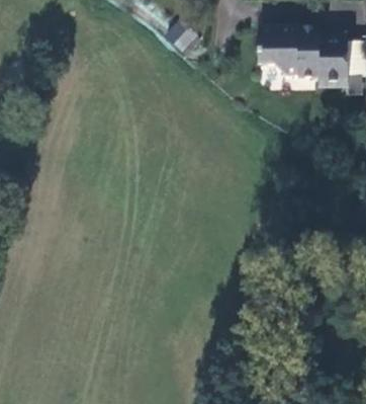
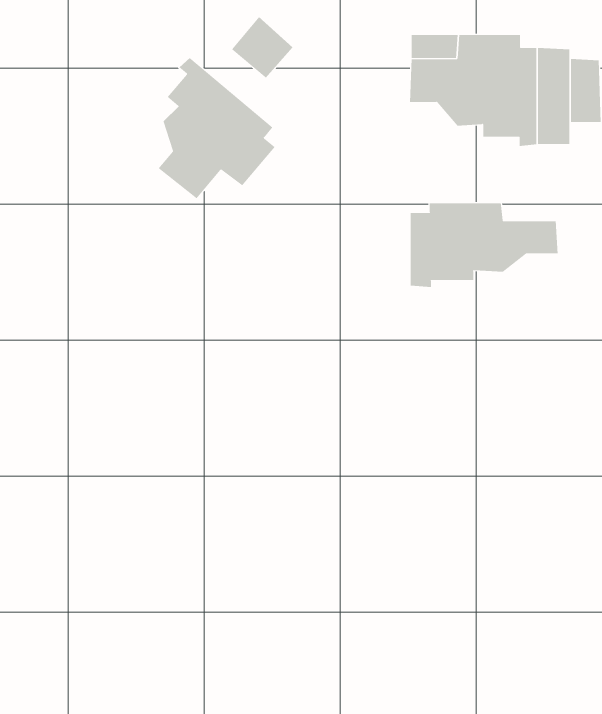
building: none -> [158,57,275,199]
building: none -> [410,202,558,288]

